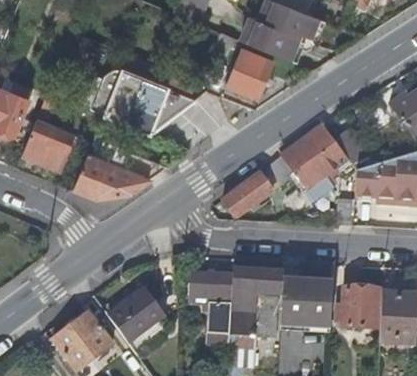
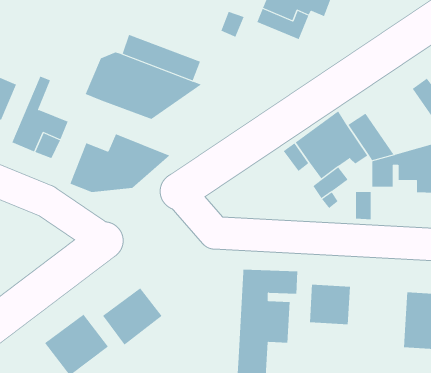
building: [225,49,272,100] -> none
building: [220,168,278,217] -> none
building: [190,271,233,352] -> none
building: [335,286,383,327] -> none

